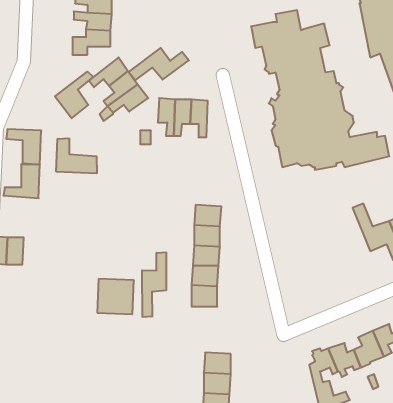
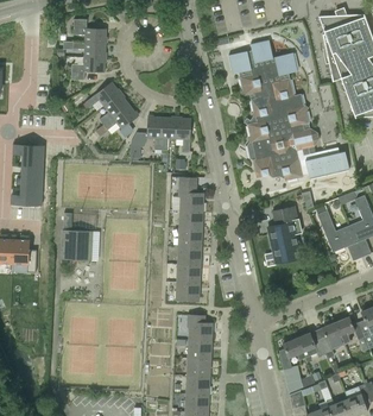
building: [129,48,189,80] -> none
building: [55,72,93,118] -> none
building: [56,138,97,173] -> none
building: none -> [178,177,203,212]
building: none -> [267,219,302,263]
building: [142,252,166,317] -> none
building: [97,279,134,314] -> [61,228,93,259]
building: none -> [186,315,211,341]

